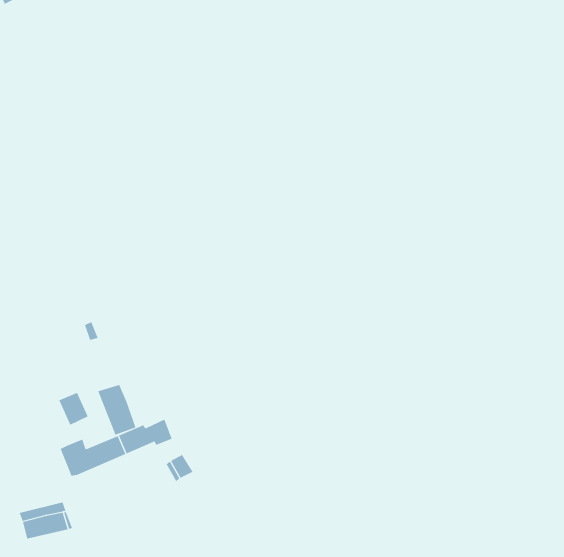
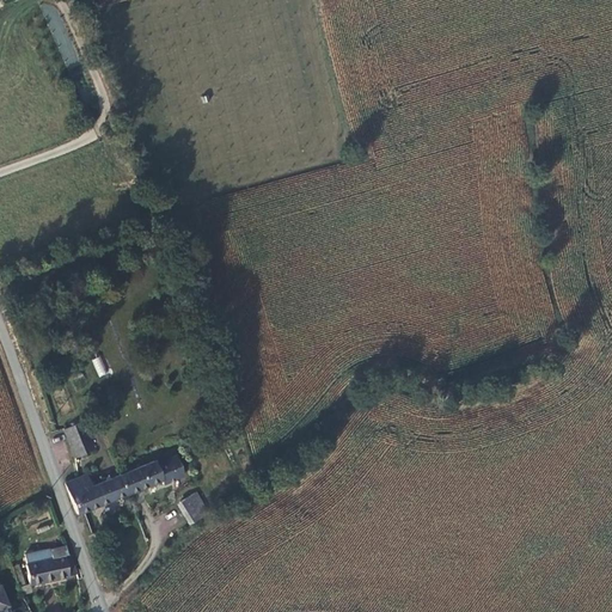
building: [98,384,136,436] -> none

